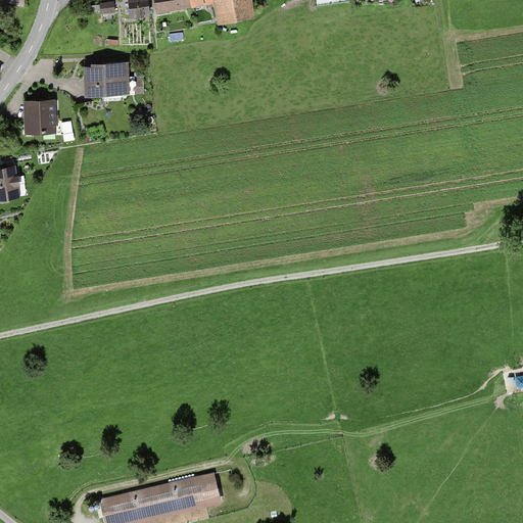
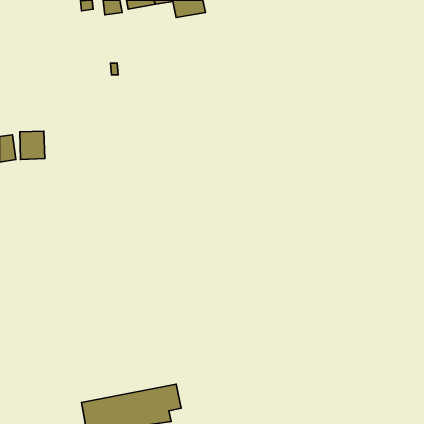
building: [82,63,130,95] -> none
building: [23,99,54,134] -> [20,131,45,159]

